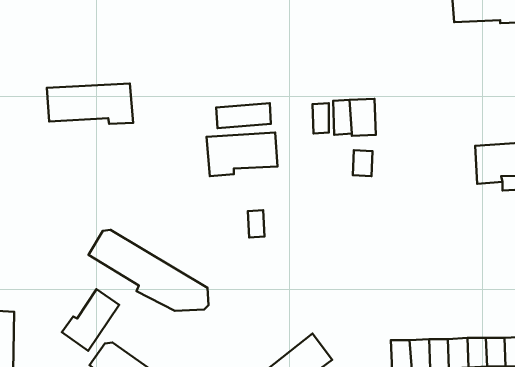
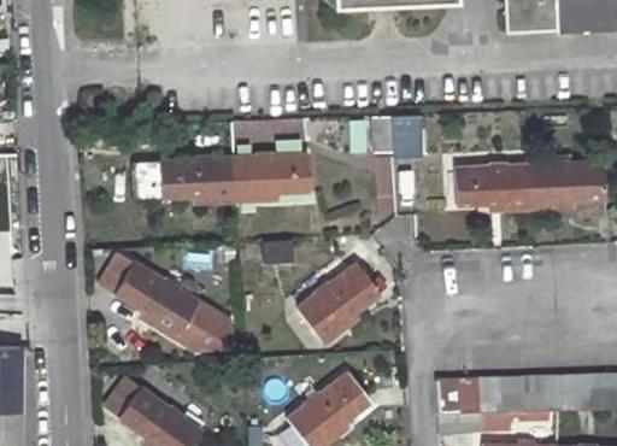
building: [47,83,133,124] -> [141,157,236,201]
building: none -> [457,166,531,210]
building: none -> [299,264,377,342]
building: [62,289,119,351] -> none

